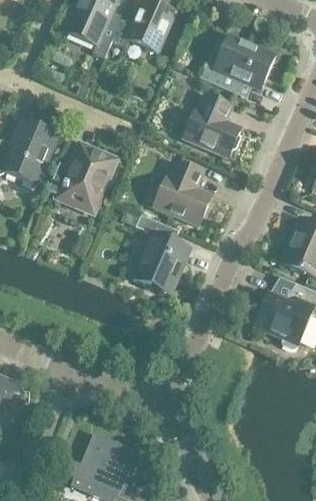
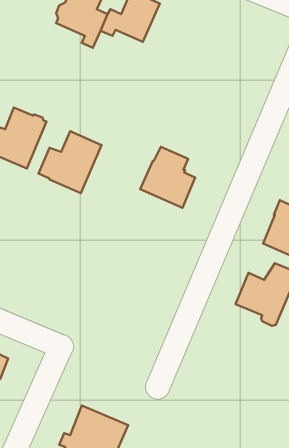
building: [199,37,273,94] -> none
building: [183,95,243,158] -> none
building: [132,214,179,292] -> none

